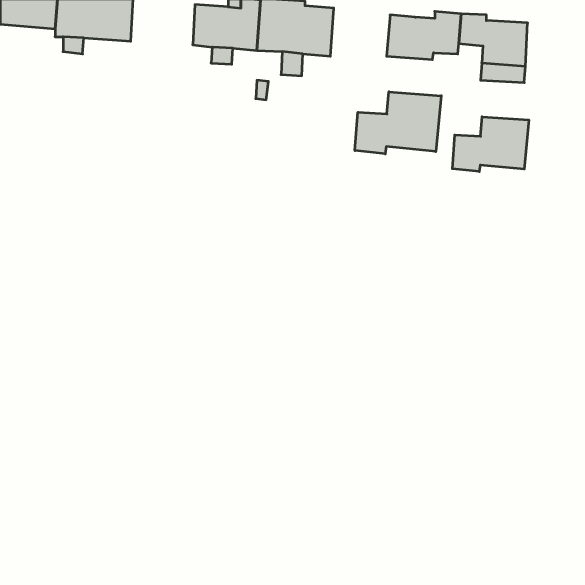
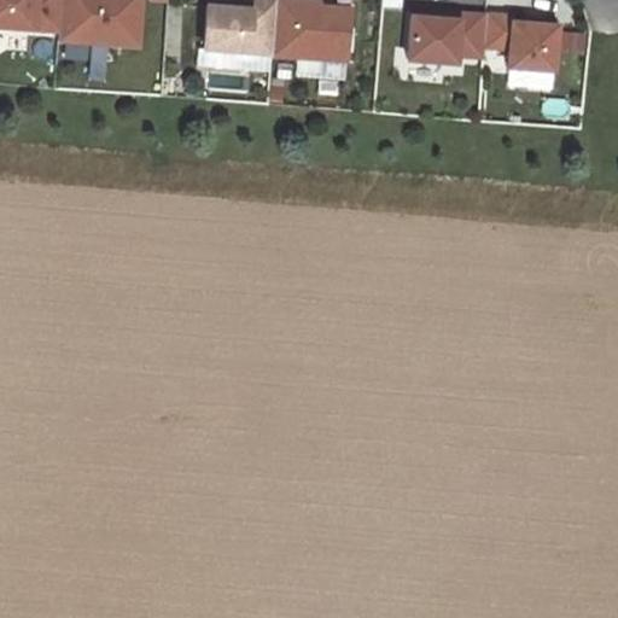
building: [355,92,441,154] -> none
building: [452,117,529,172] -> none

